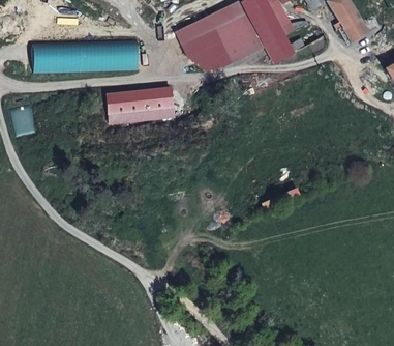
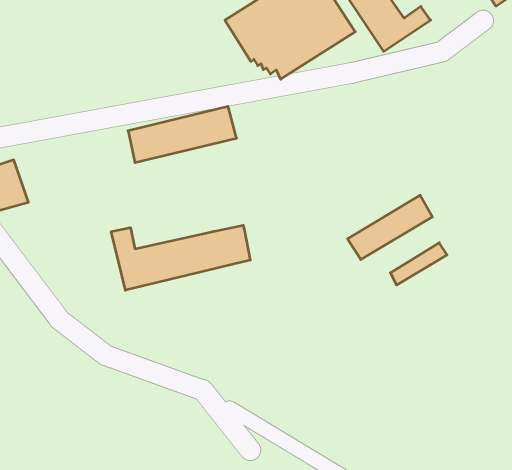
building: none -> [111,225,250,290]
building: none -> [348,195,432,260]

